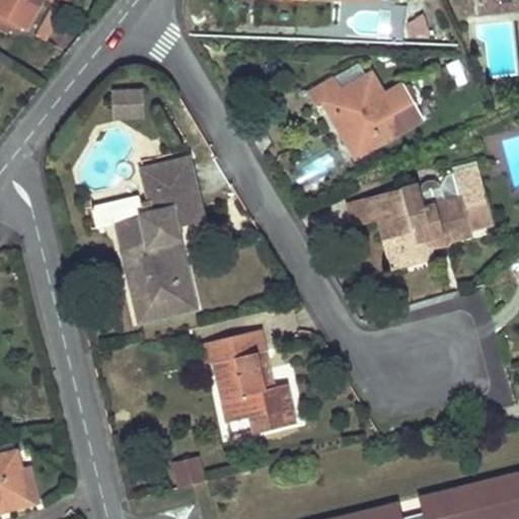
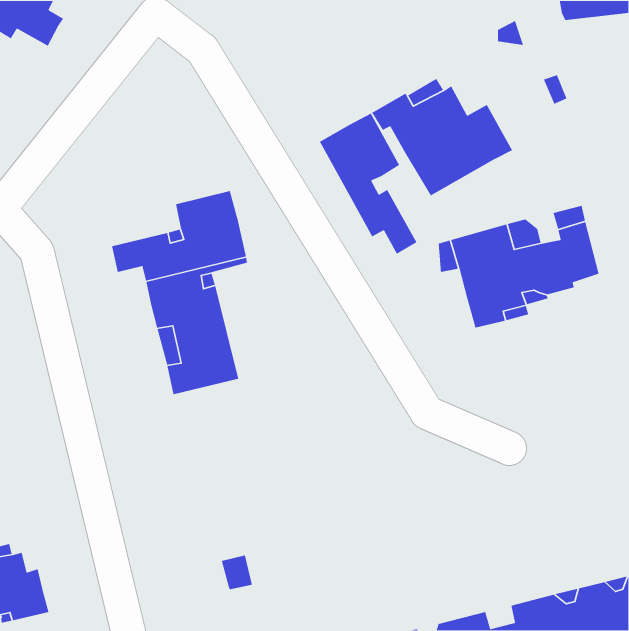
building: [112,90,144,119] -> none
building: none -> [319,112,418,255]
building: [204,328,295,433] -> none

